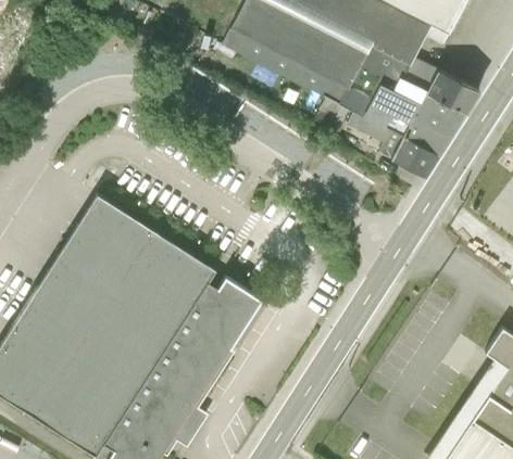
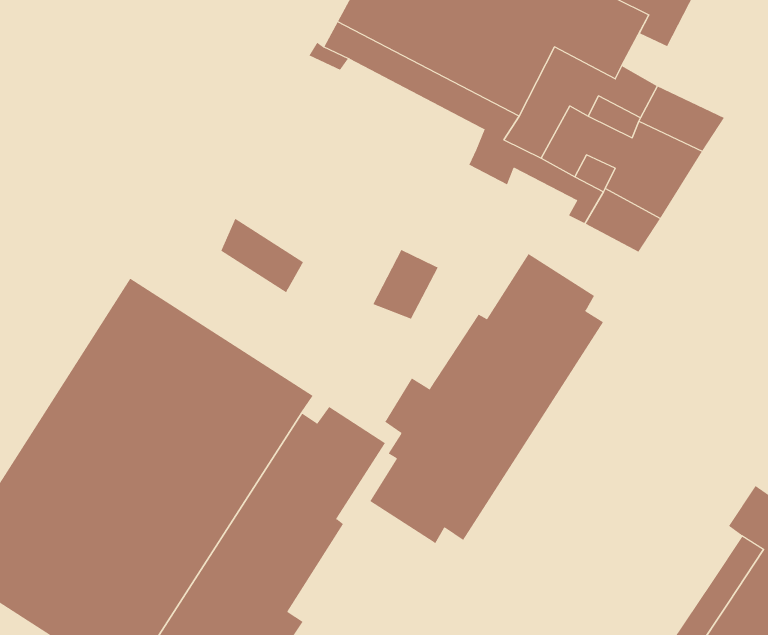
building: none -> [221,218,304,293]
building: none -> [372,249,438,319]
building: none -> [369,253,604,544]

